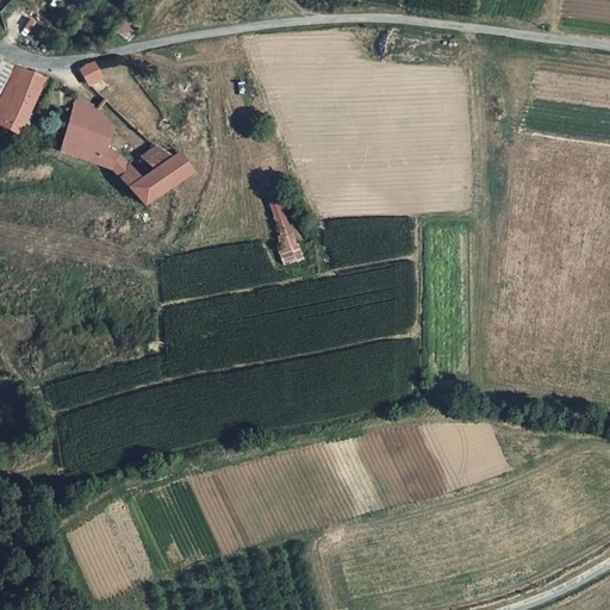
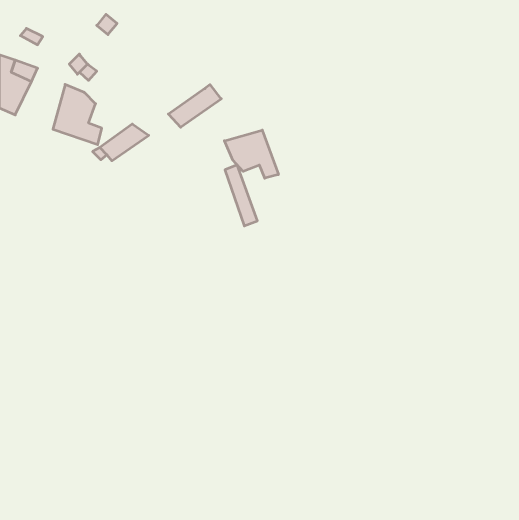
building: none -> [224,130,278,178]
building: [131,154,193,204] -> [168,85,221,127]

